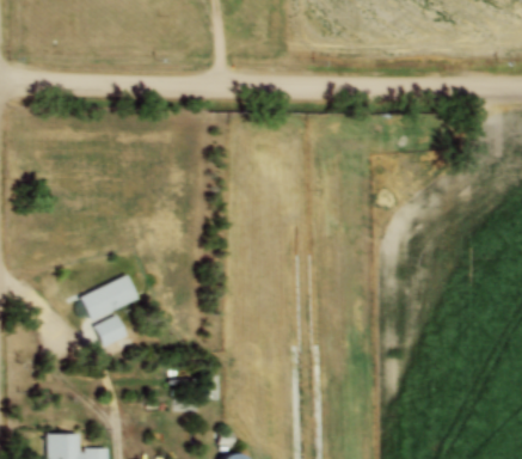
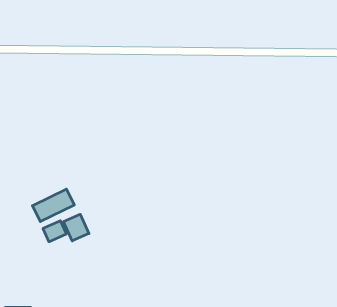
building: none -> [64,214,89,241]

